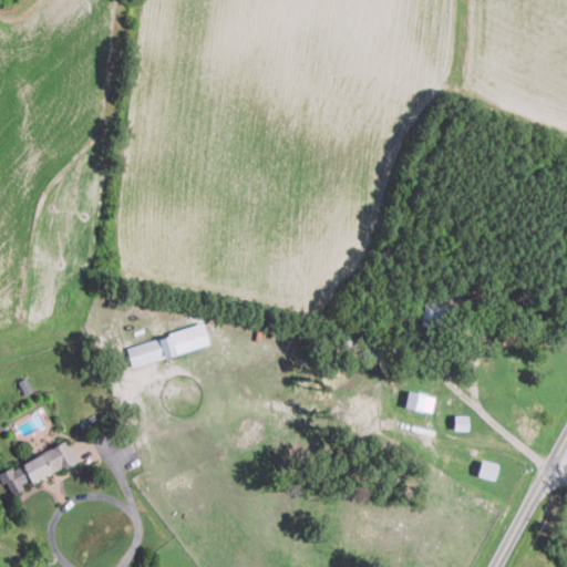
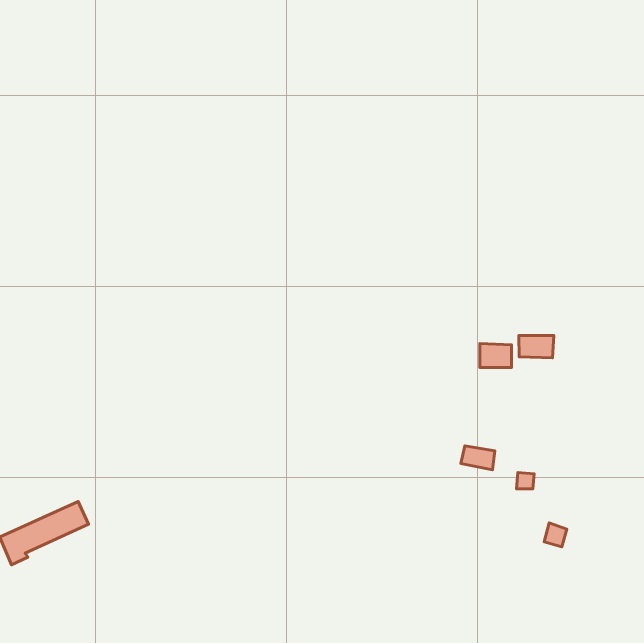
building: none -> [519,336,554,358]
building: [127,327,207,368] -> none

